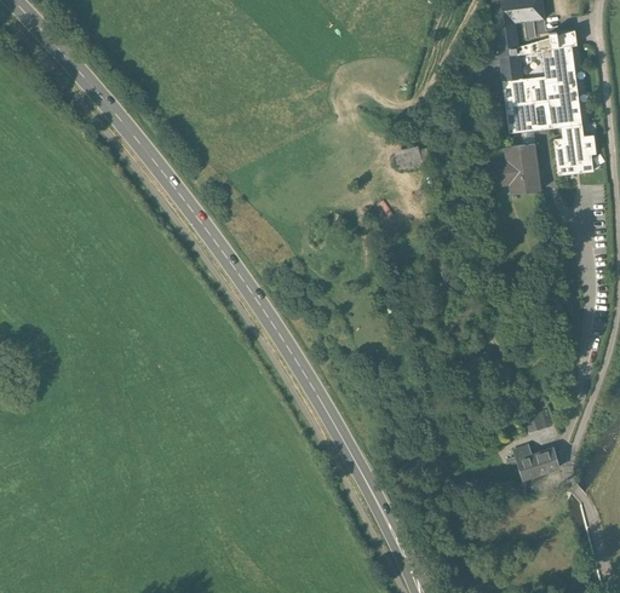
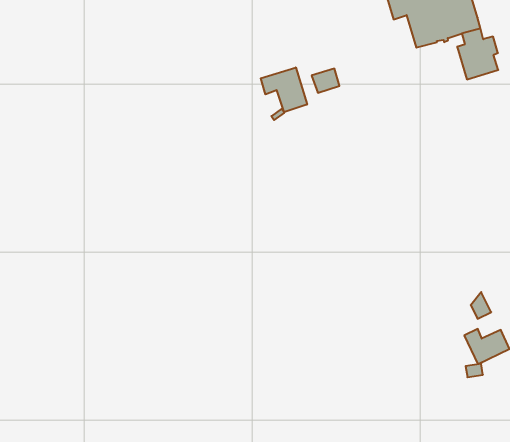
building: none -> [261,67,307,112]
building: [488,145,541,194] -> none

